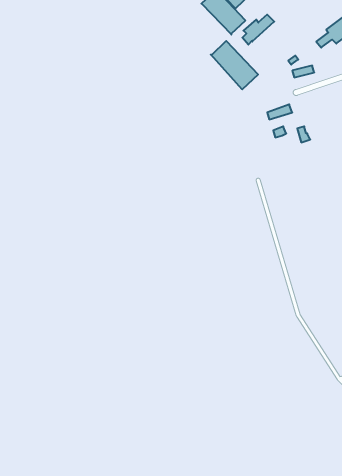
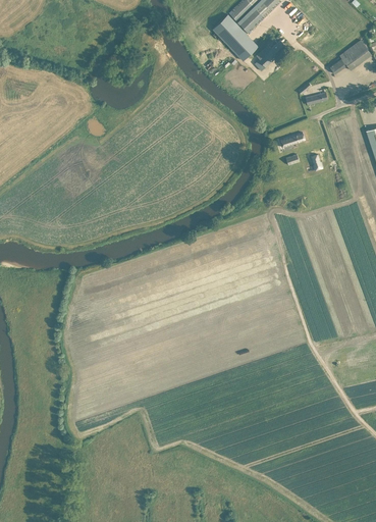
building: [211,41,258,89] -> none

